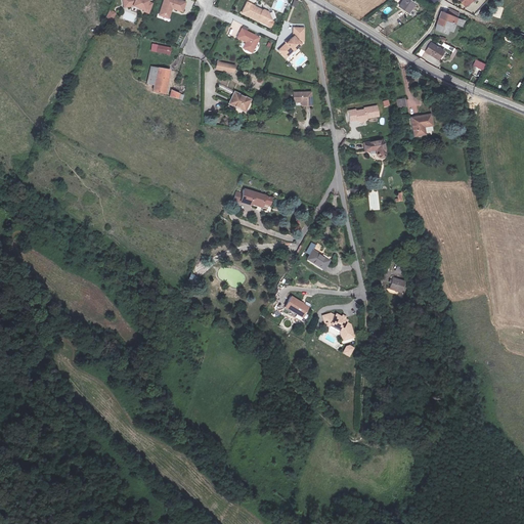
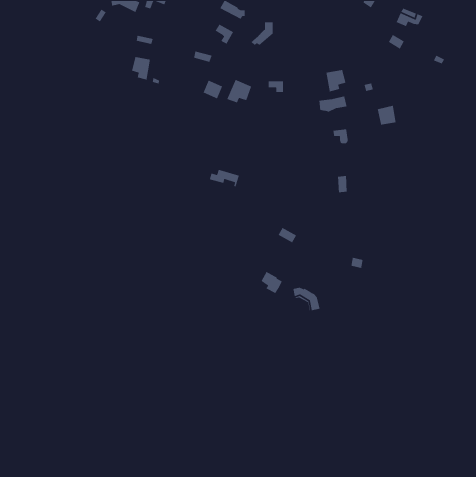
building: none -> [325,69,346,92]
building: none -> [226,79,252,103]

